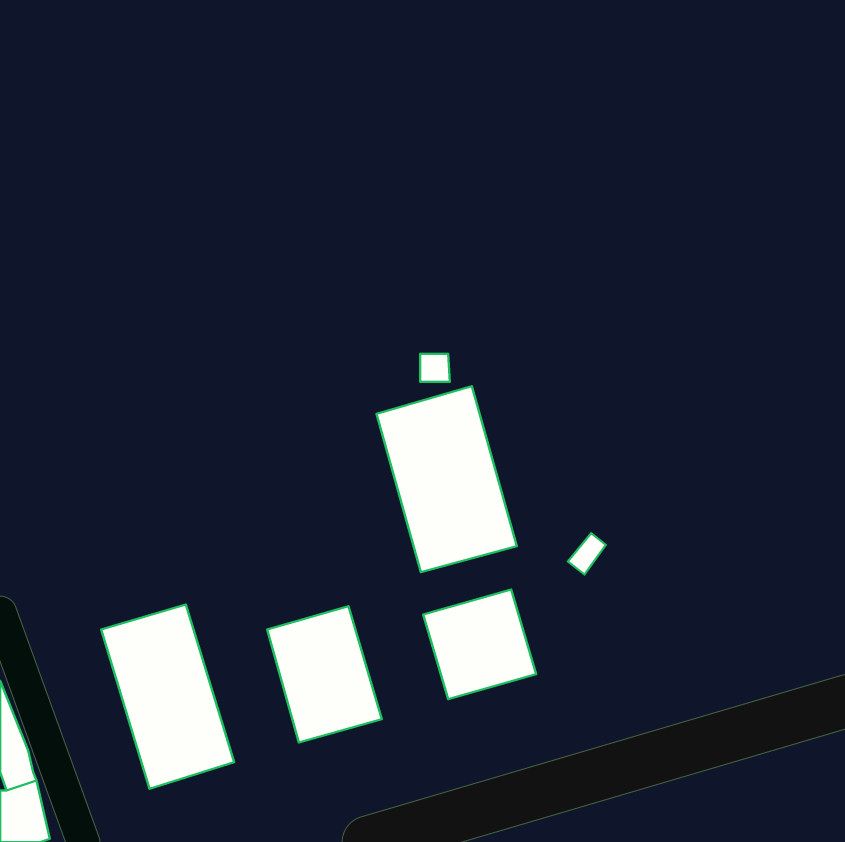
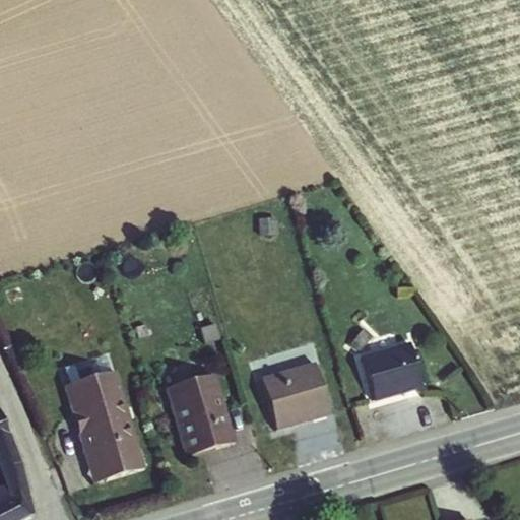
building: [377,386,517,572] -> none
building: none -> [361,339,422,399]

